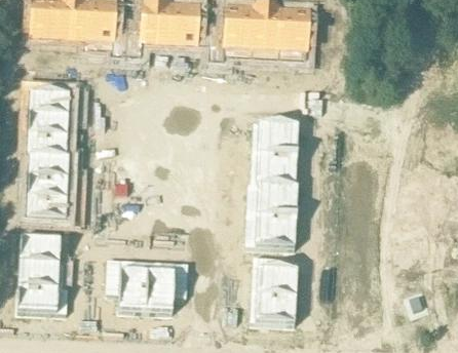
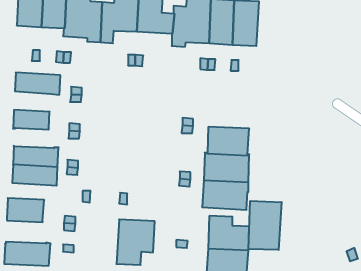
building: [26,112,69,135] -> none
building: [251,121,299,155] -> none
building: [27,154,74,178] -> none
building: none -> [248,201,282,250]
building: [105,258,148,311] -> none
building: [17,261,65,287] -> none

